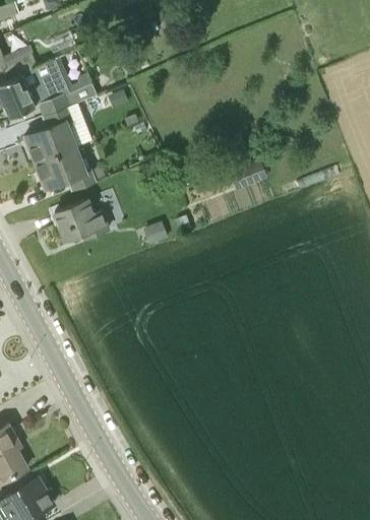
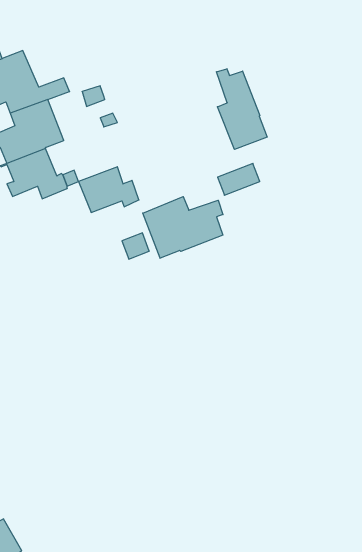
building: none -> [216,69,267,149]
building: none -> [143,197,223,258]
building: [53,200,107,241] -> [79,167,139,212]

